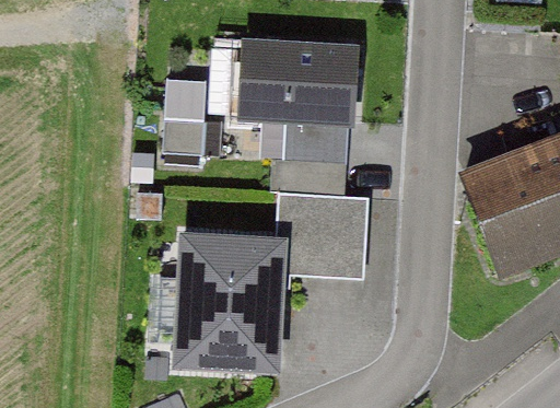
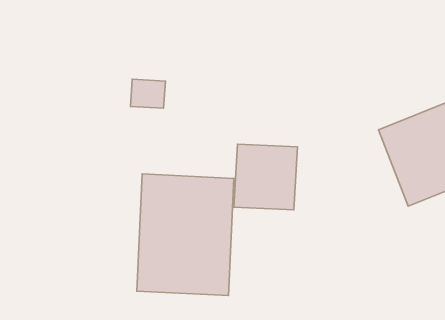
building: [211,39,355,117] -> none
building: [284,125,350,189] -> none

